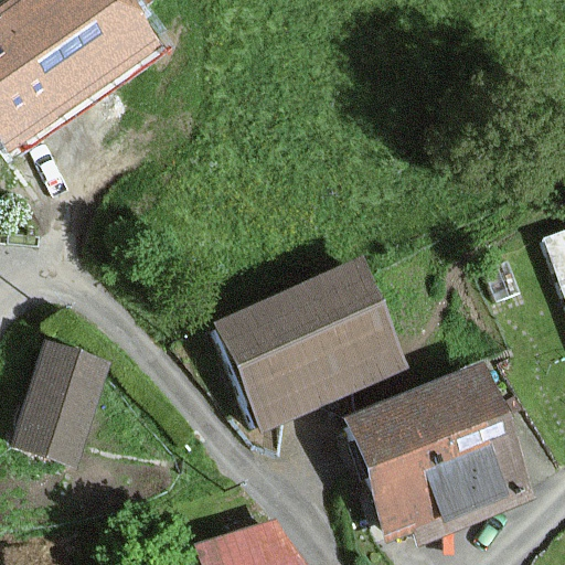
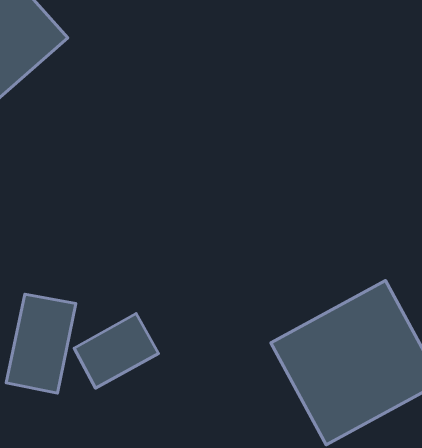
building: [212,260,405,429] -> none
building: none -> [74,313,158,388]

